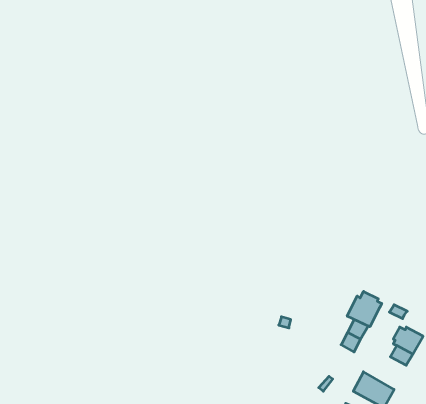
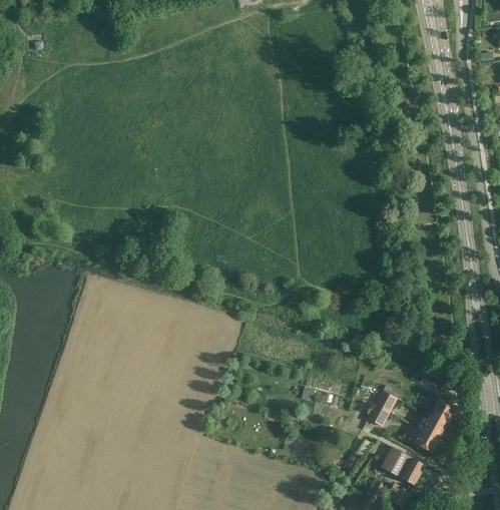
building: [347,291,382,327] -> none
building: none -> [407,427,439,452]

